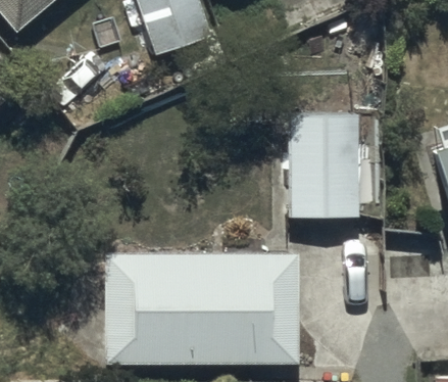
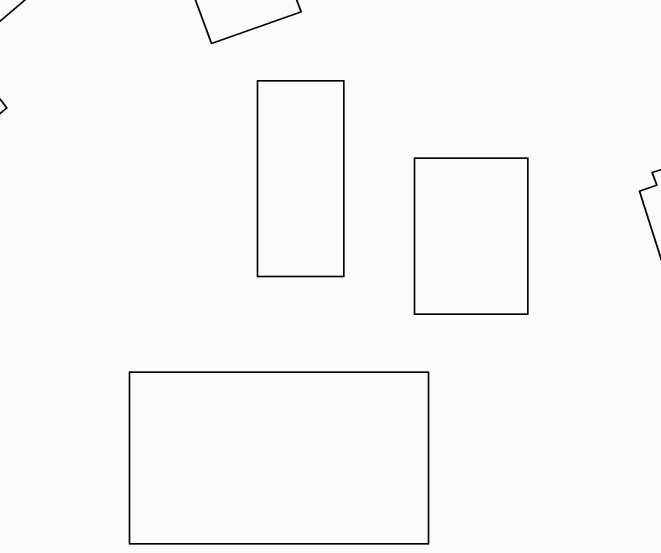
building: none -> [258,81,344,276]

